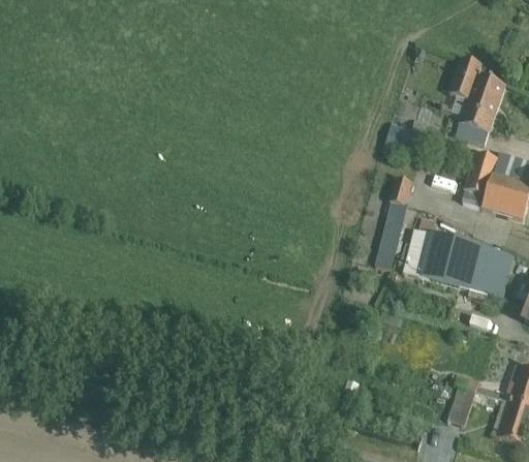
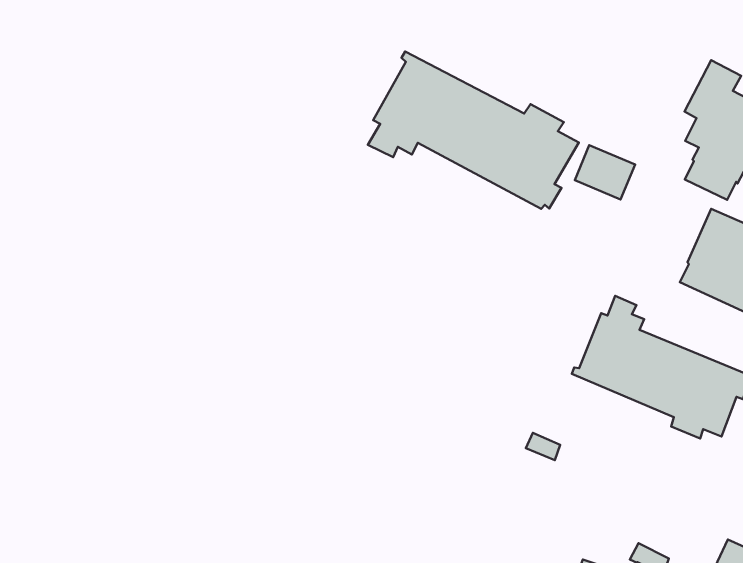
building: none -> [368,51,579,209]
building: [375,176,413,268] -> none

